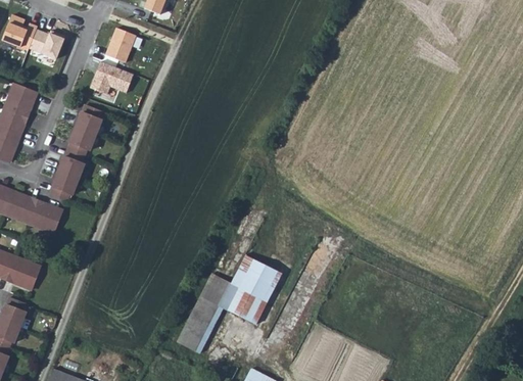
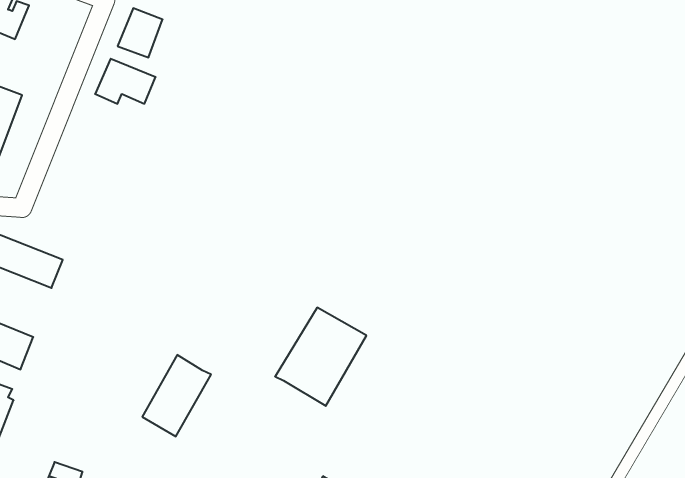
building: [29,32,62,61] -> none
building: [48,106,99,202] -> none
building: [174,285,224,344] -> [142,355,211,436]

